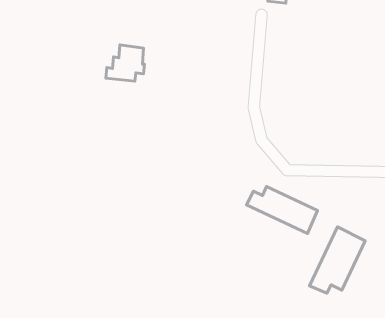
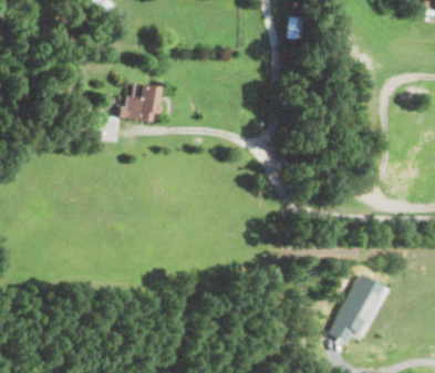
building: [246,186,318,234] -> none

